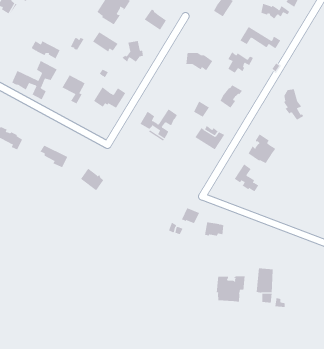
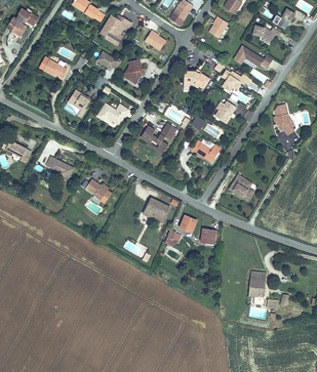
building: [11,60,57,100] -> none
building: [248,133,276,164] -> none
building: none -> [143,197,170,222]
building: [216,275,245,302] -> none

